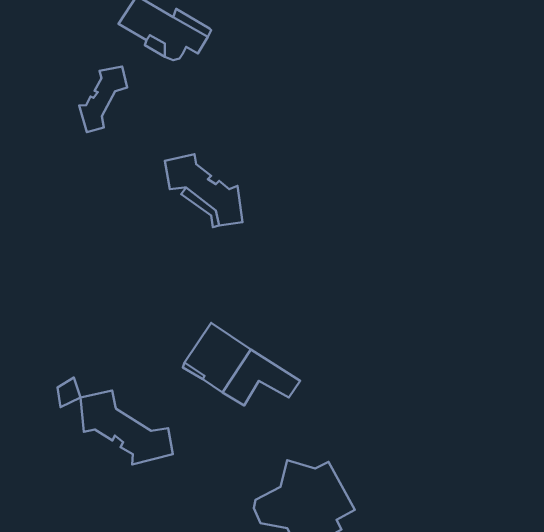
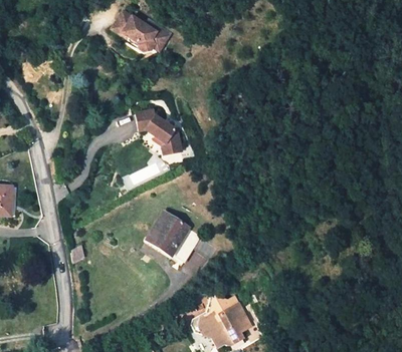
building: [79,67,127,132] -> none
building: [80,391,173,464] -> none

